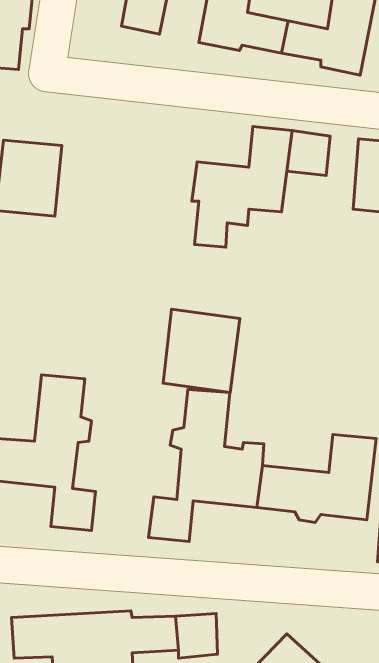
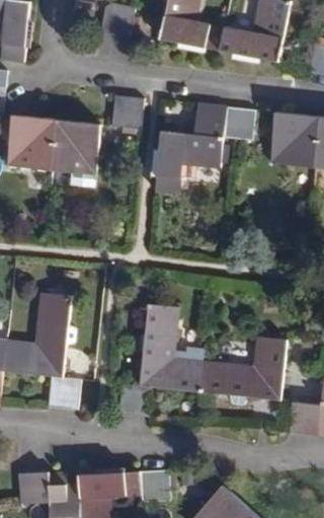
building: none -> [110,95,144,128]
building: none -> [50,119,99,175]
building: [163,309,240,392] -> none

